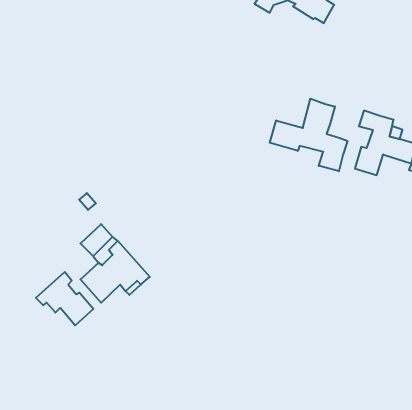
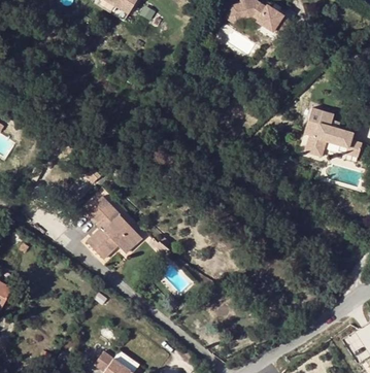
building: [270,99,347,171] -> none
building: [36,272,93,325] -> none

